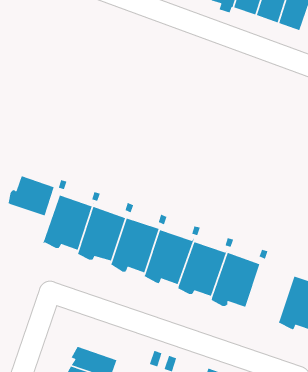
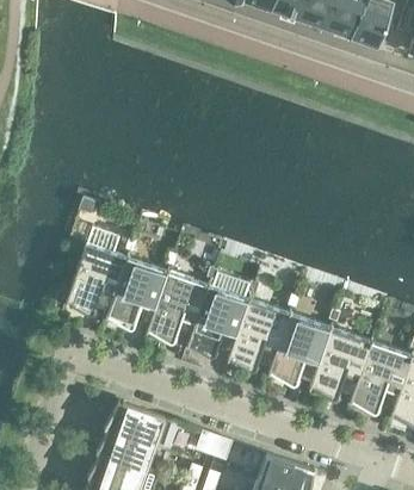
building: [7,175,58,216] -> none
building: none -> [311,328,373,396]
building: none -> [109,402,179,449]

